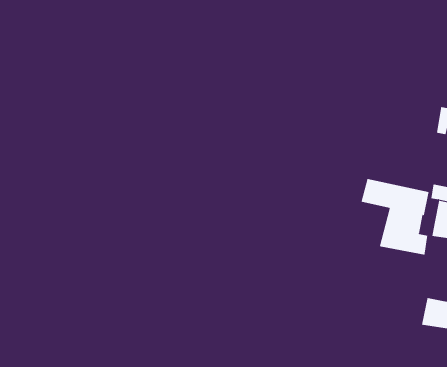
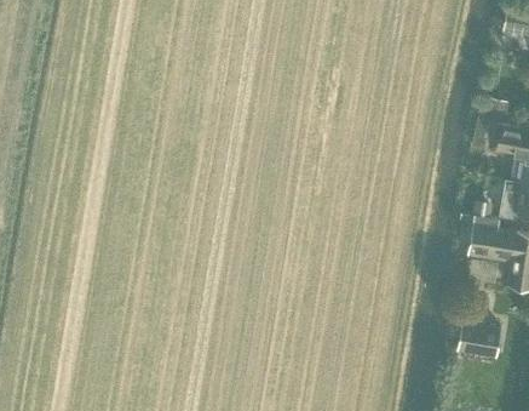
building: [361,178,429,256] -> none

